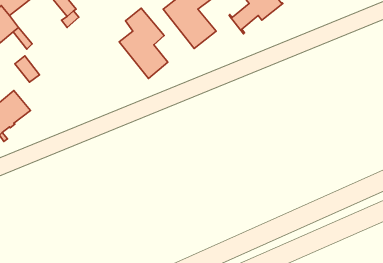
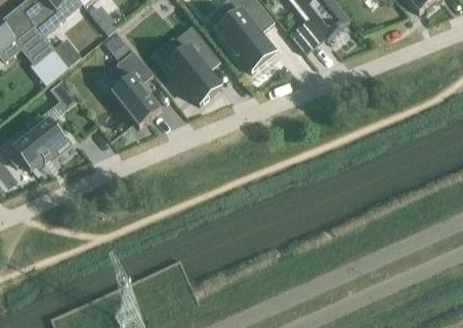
building: none -> [106,49,161,125]

